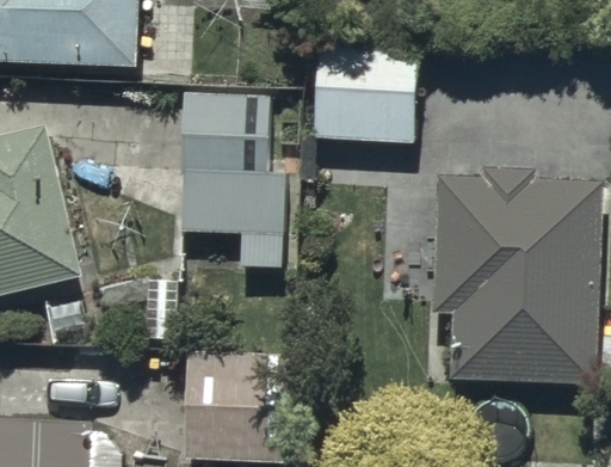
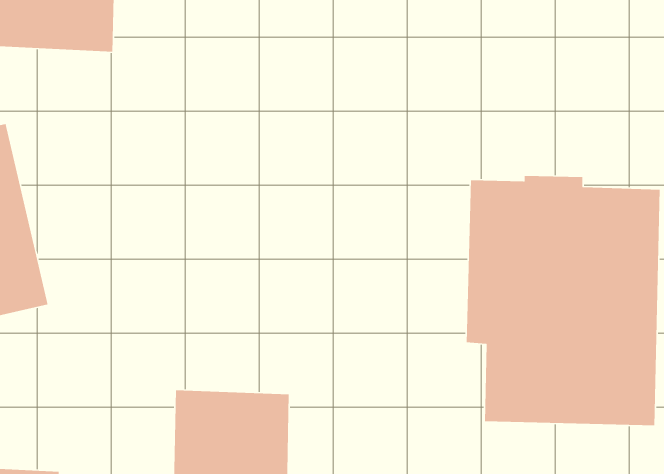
building: [315,33,414,142] -> none
building: [183,91,285,265] -> none

